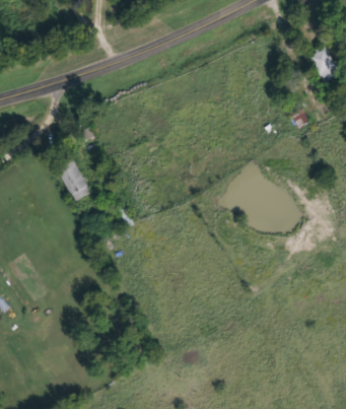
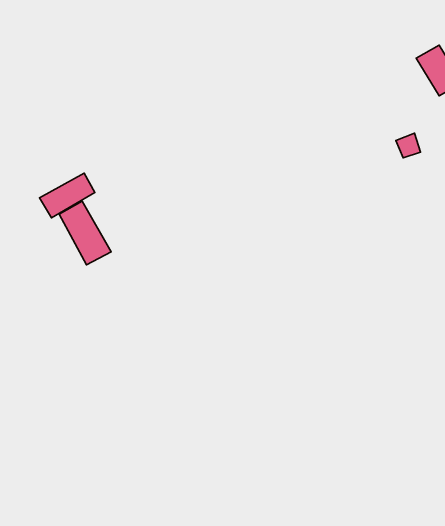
building: none -> [40,173,95,218]

